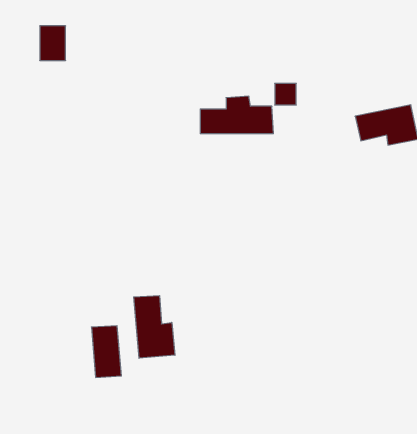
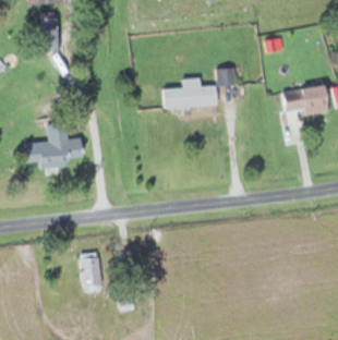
building: none -> [23,126,83,169]
building: [134,296,175,358] -> none

